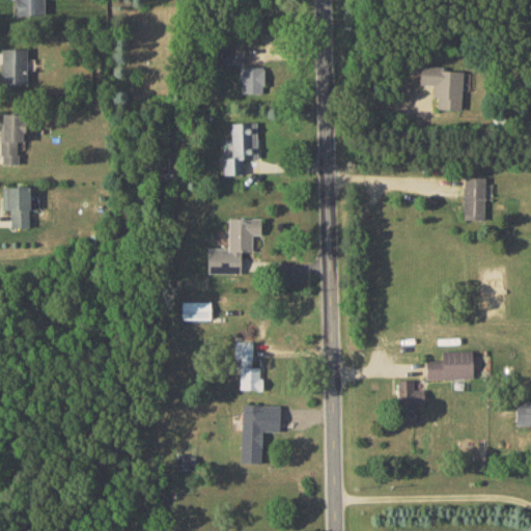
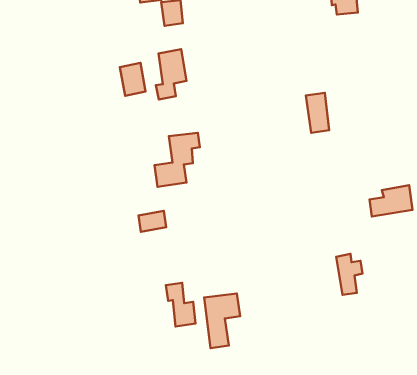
building: none -> [120,63,146,96]
building: [464,178,485,221] -> [306,93,329,133]
building: [235,343,263,391] -> [166,283,196,326]
building: [426,352,473,381] -> [369,185,413,217]

